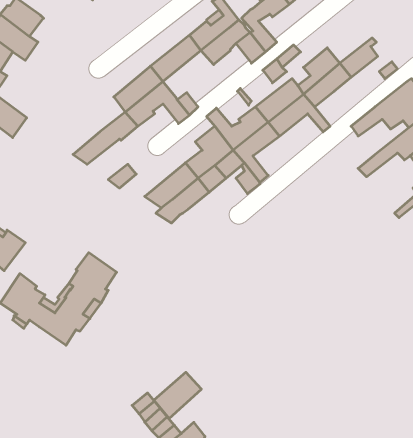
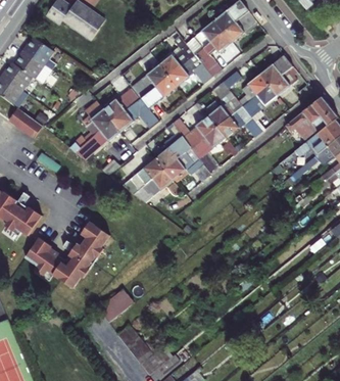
building: none -> [260,54,293,85]
building: none -> [141,76,178,109]
building: none -> [86,101,113,135]
building: [154,372,201,419] -> [98,289,133,323]

